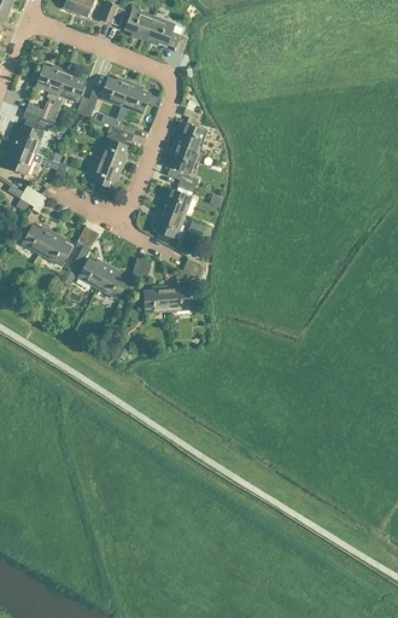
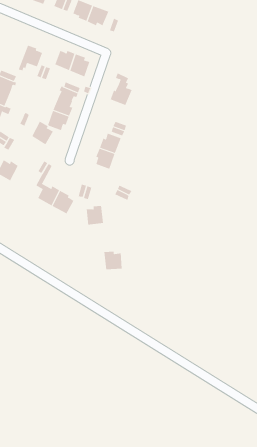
building: [35,65,64,104] -> none
building: [170,144,203,173] -> none
building: [41,233,71,266] -> [31,121,54,145]
building: [164,285,189,310] -> [104,251,122,270]

